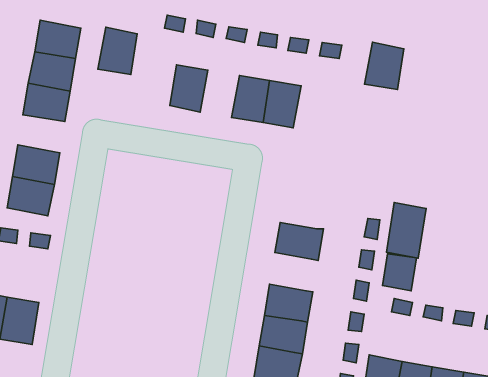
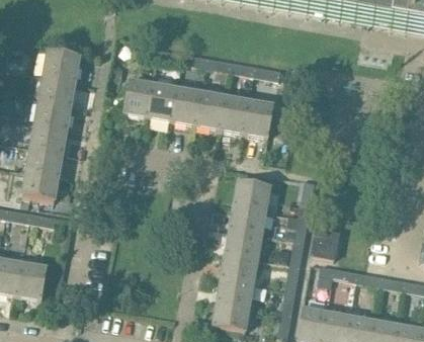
building: [98,27,137,74] -> [122,77,153,113]
building: [365,42,404,89] -> [243,98,273,135]
building: none -> [171,86,201,122]
building: none -> [30,120,67,150]
building: none -> [233,178,270,208]
building: [386,203,426,258] -> none
building: none -> [225,227,262,257]

